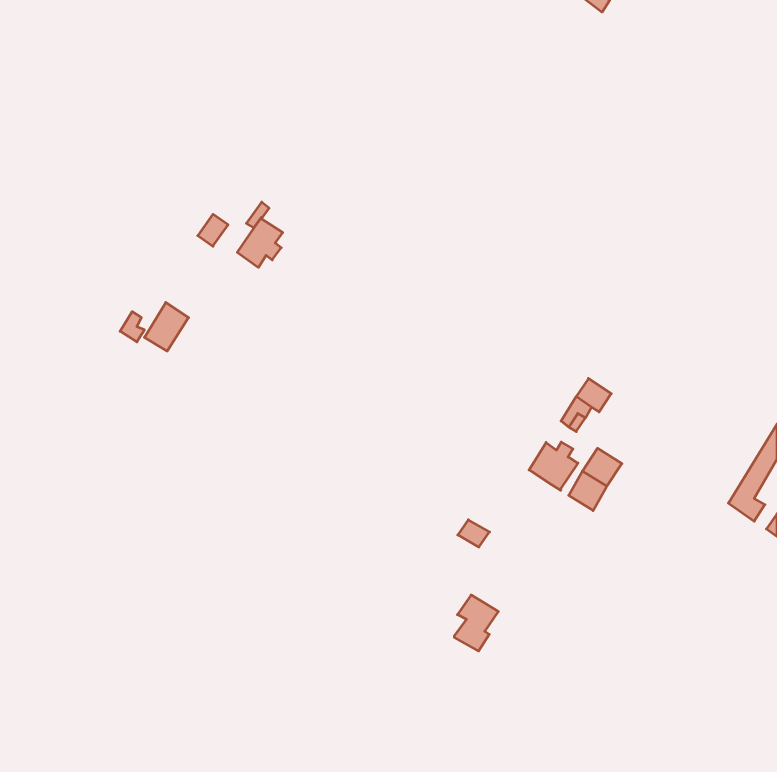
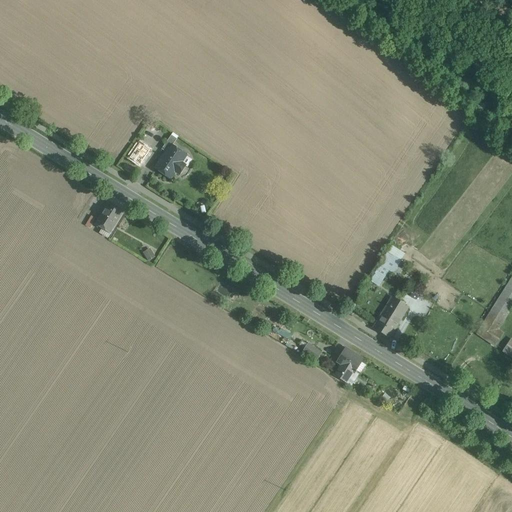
building: [529,442,578,490] -> none
building: [454,595,498,651] -> [335,346,364,383]

